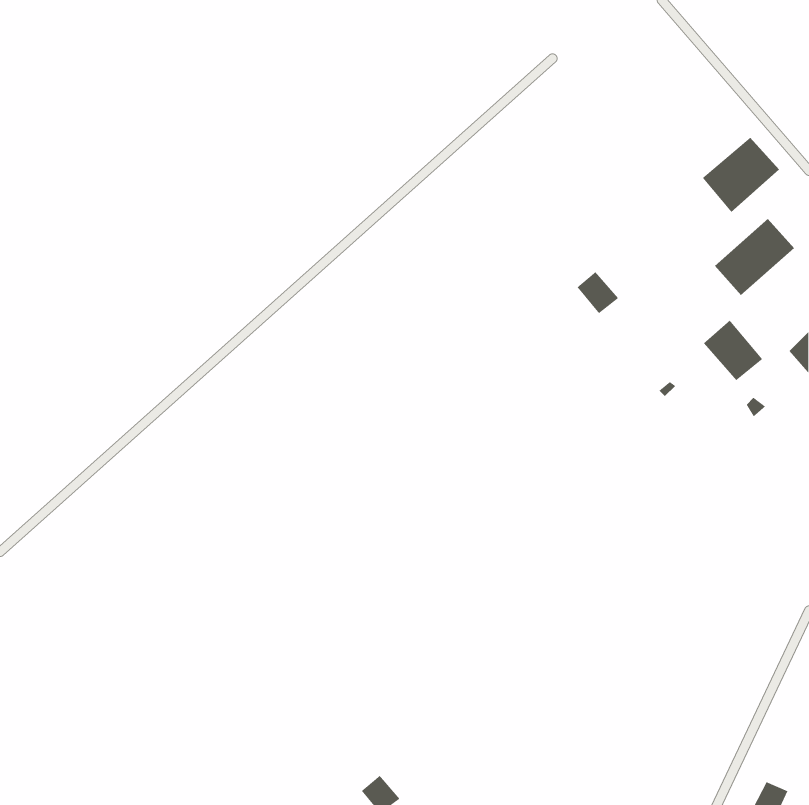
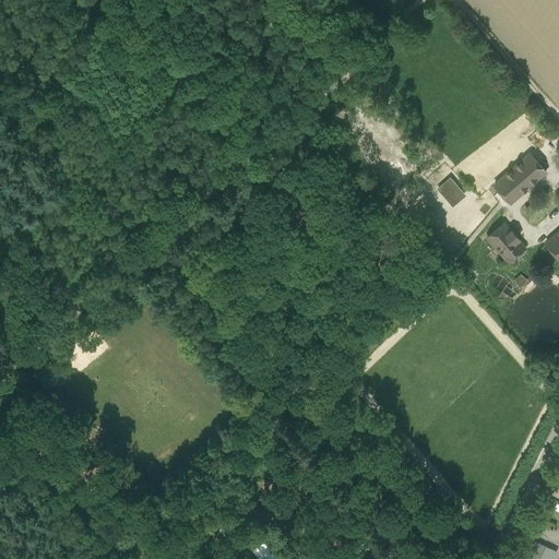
building: [702,137,780,213] -> none
building: [577,271,619,314] -> [437,179,466,209]

